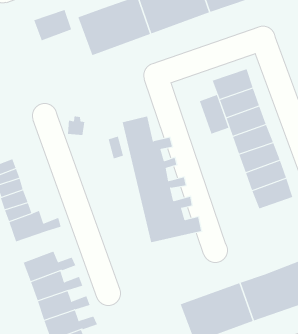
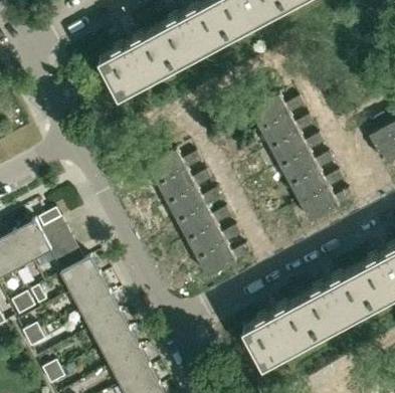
building: [34,9,72,41] -> none
building: [199,94,229,135] -> none
building: none -> [72,280,126,315]

